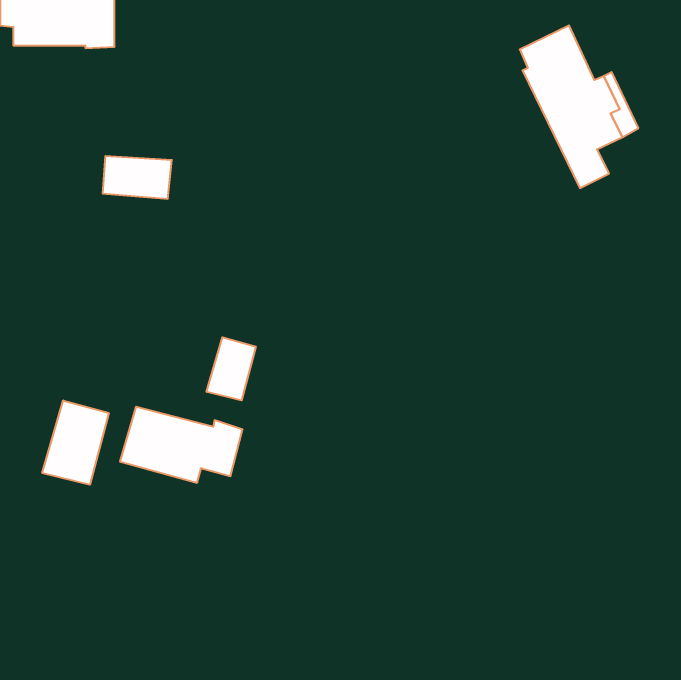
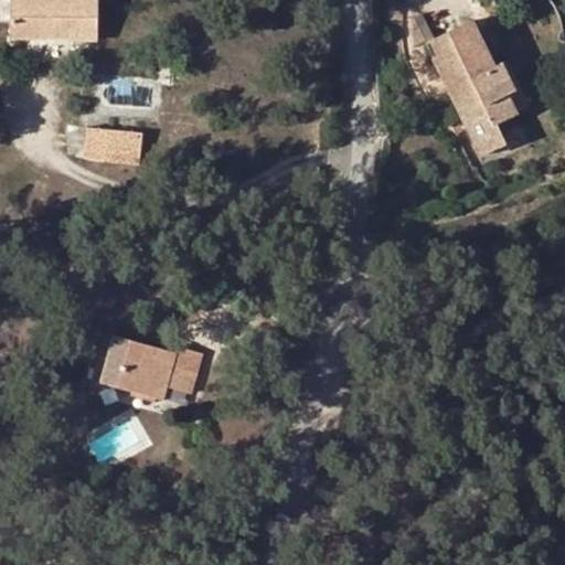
building: [207,337,256,400] -> none
building: [42,400,109,485] -> none

